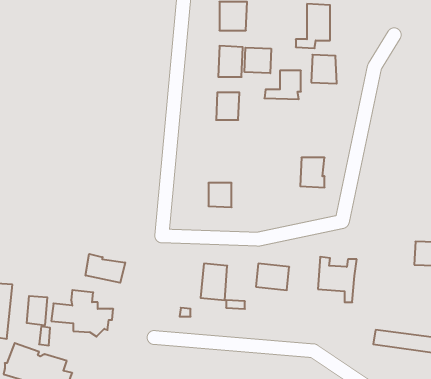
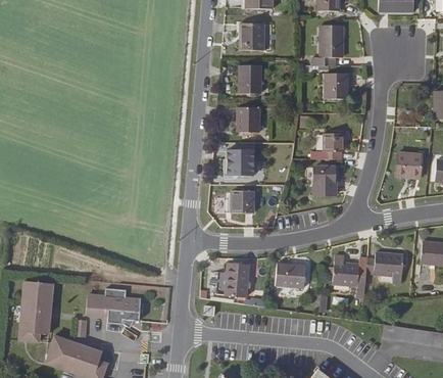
building: [245,48,271,73] -> none
building: [264,71,301,99] -> [310,132,344,158]
building: none -> [228,147,253,175]
building: none -> [396,151,424,176]
building: none -> [365,254,403,286]
building: [86,254,125,283] -> none
building: [27,296,47,325] -> none

